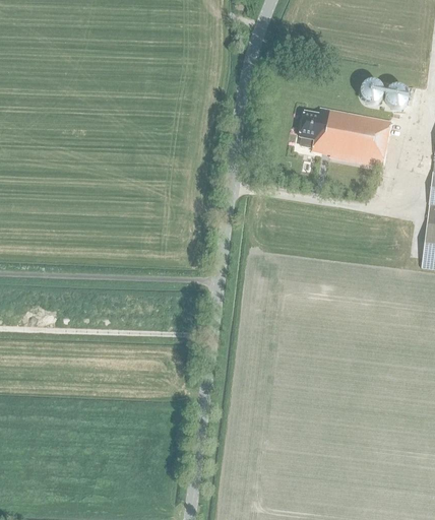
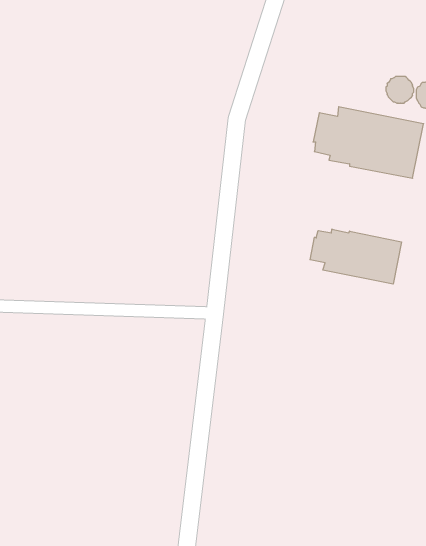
building: none -> [310,229,401,284]

